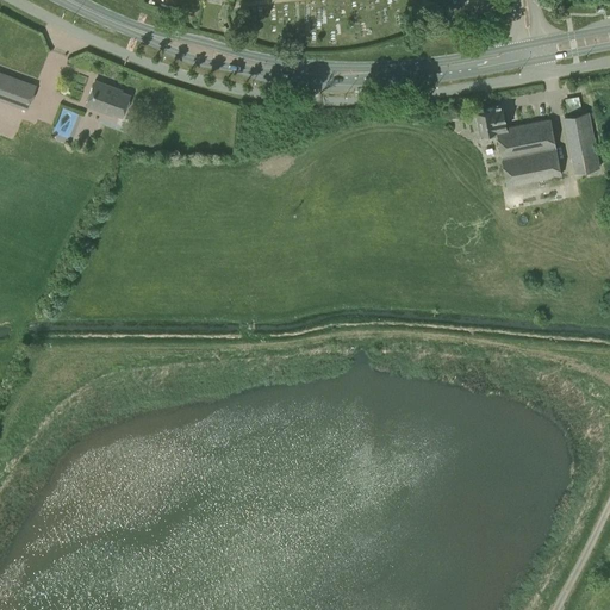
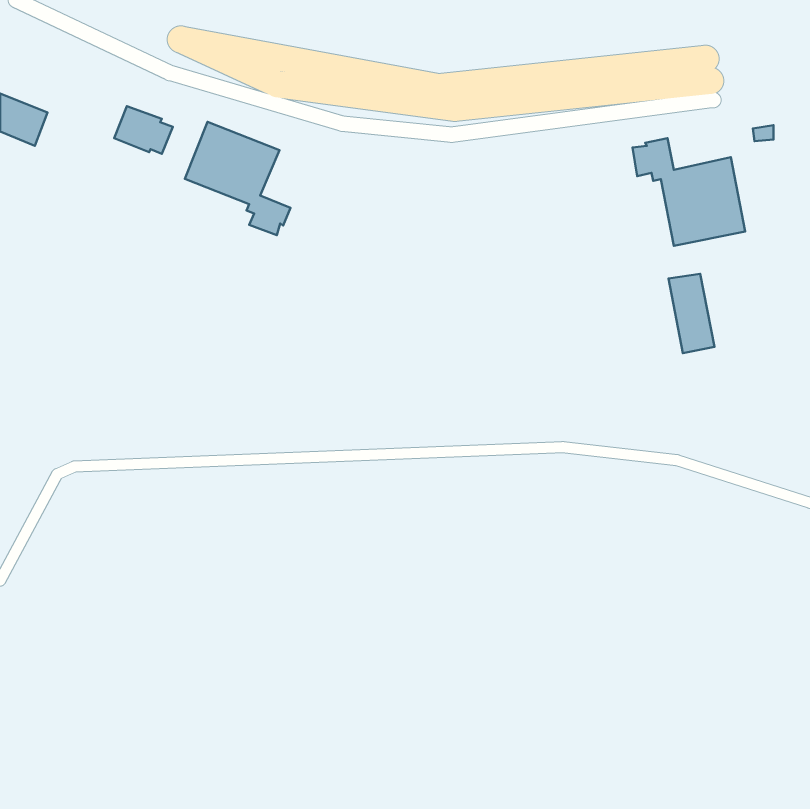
building: none -> [185,122,291,235]
building: [564,113,598,173] -> [669,274,715,353]

